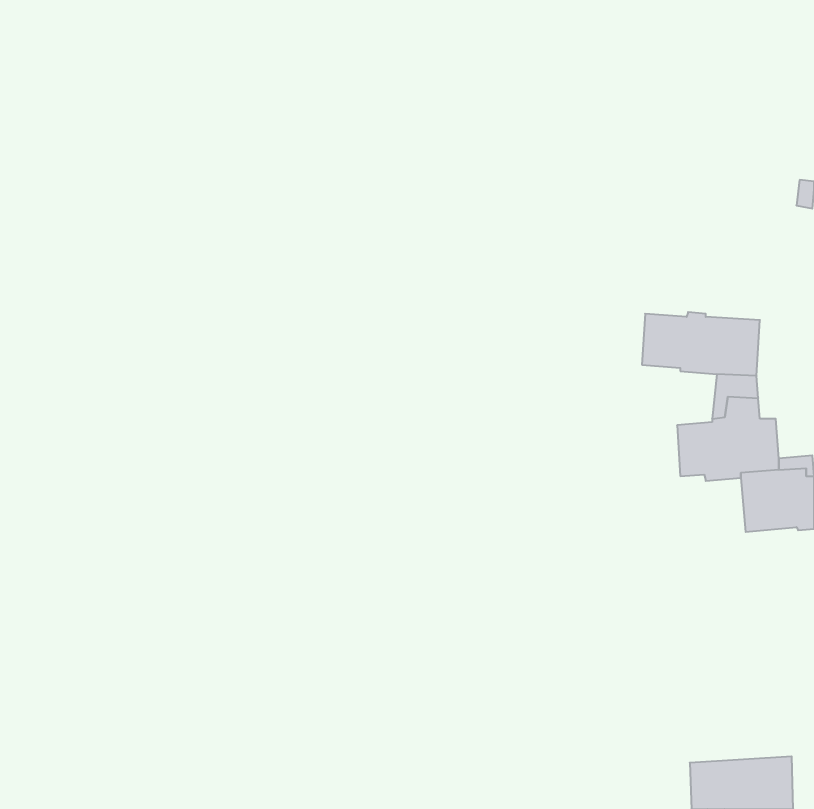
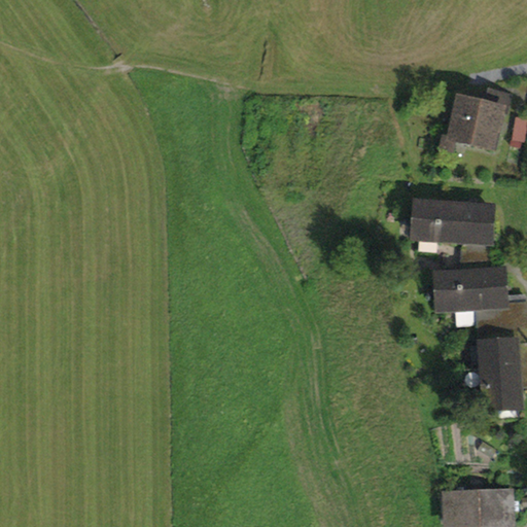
building: none -> [441,91,511,150]
building: none -> [470,341,519,402]

